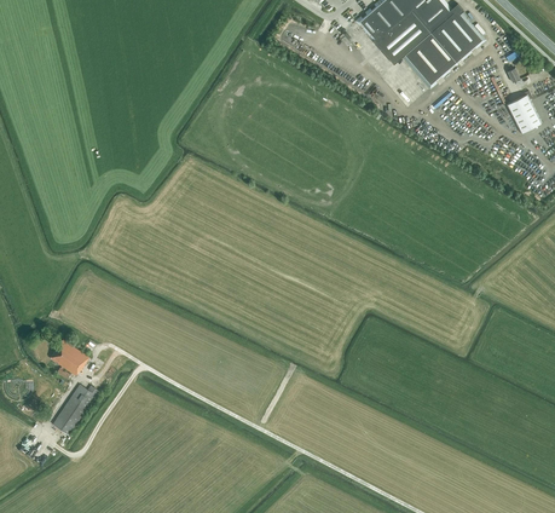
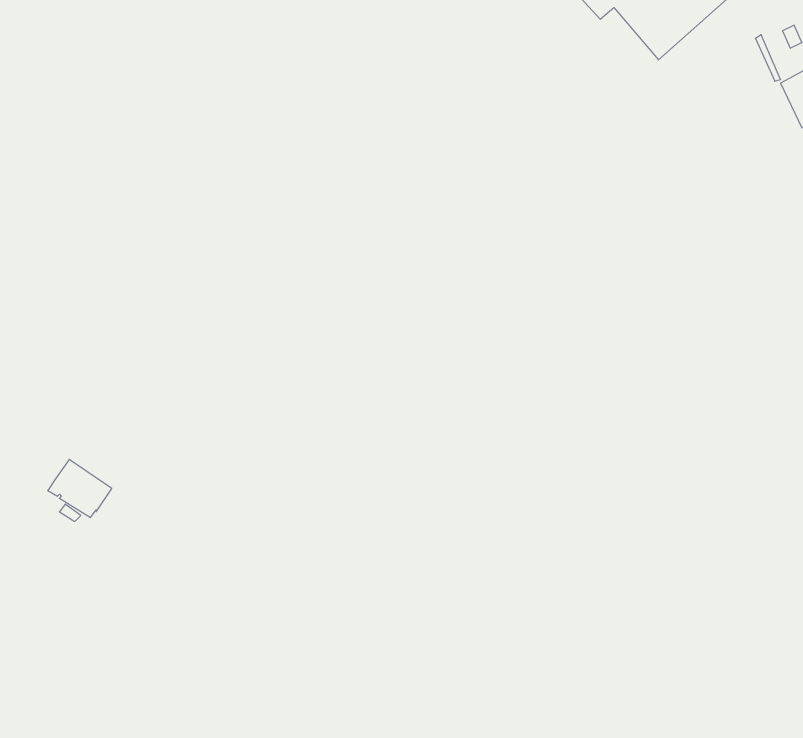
building: [51,382,98,433] -> none

